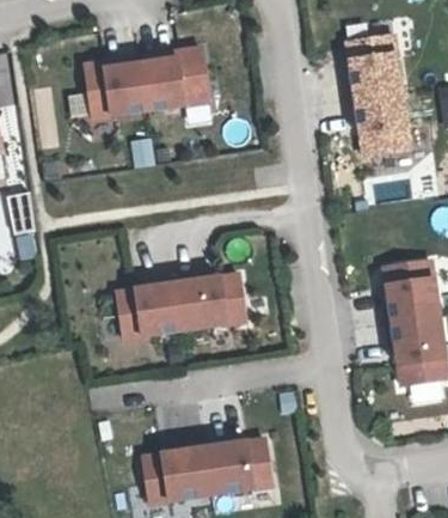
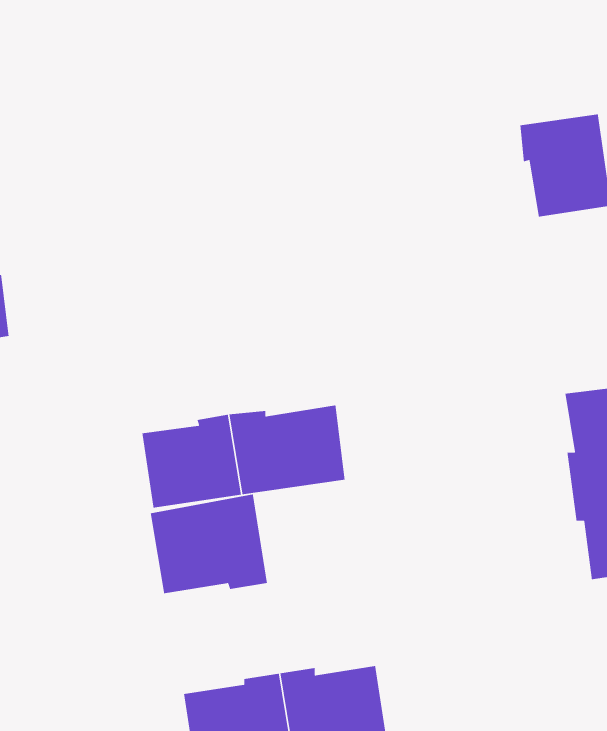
building: [351,33,406,96] -> none
building: [85,47,204,117] -> none
building: none -> [150,493,268,594]

